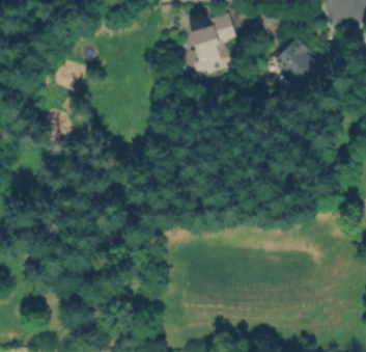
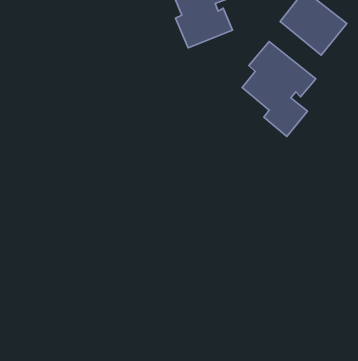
building: none -> [242,42,316,136]

